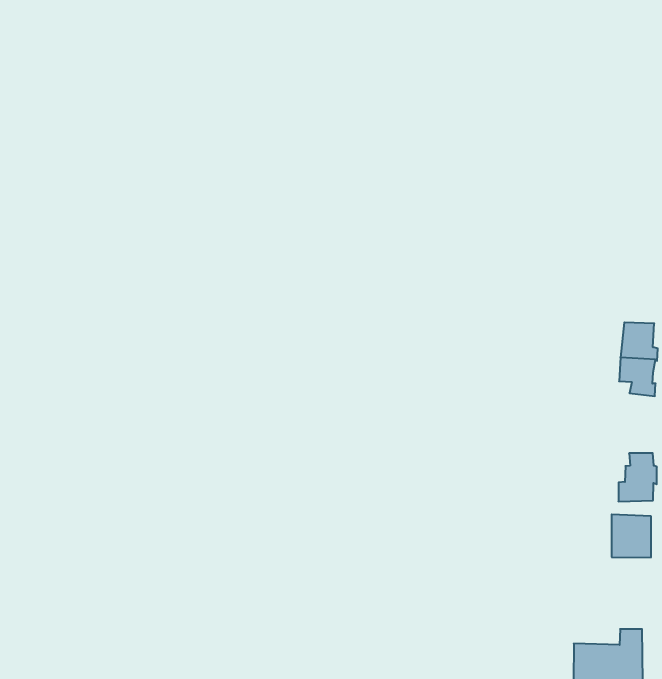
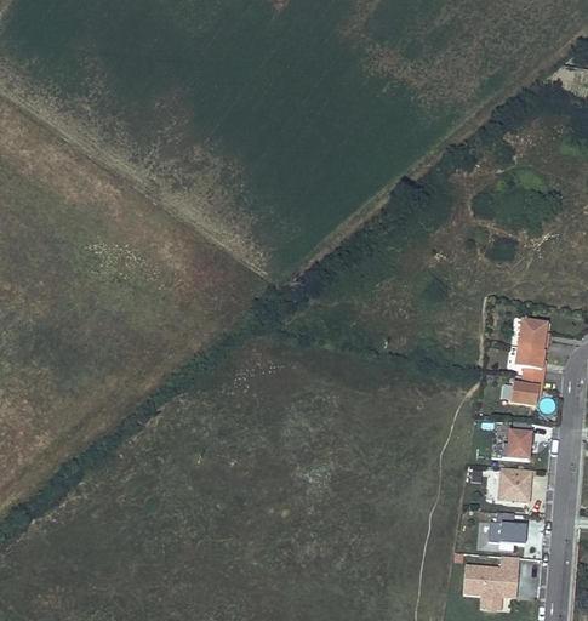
building: none -> [508,375,541,405]
building: none -> [490,512,529,546]

